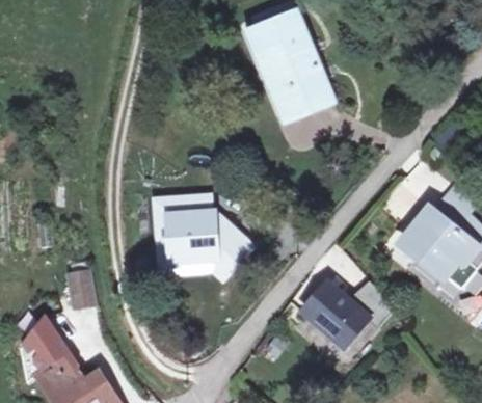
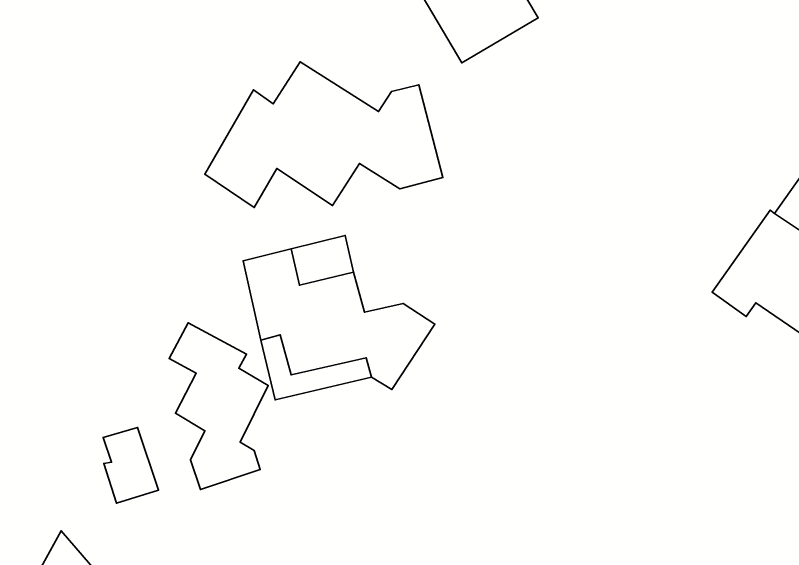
building: none -> [205,62,443,208]
building: none -> [169,323,268,489]
building: [305,285,396,350] -> none

